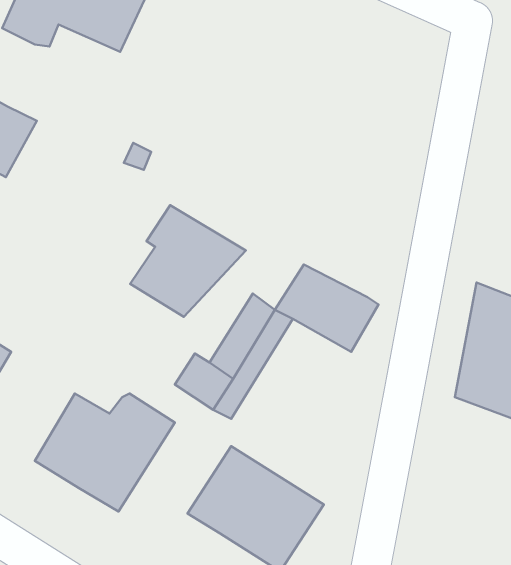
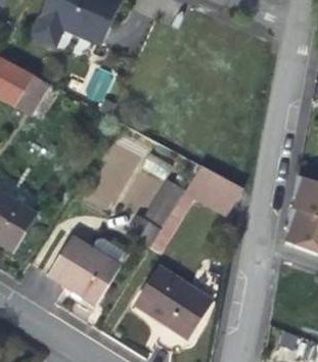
building: [130,205,246,317] -> none

